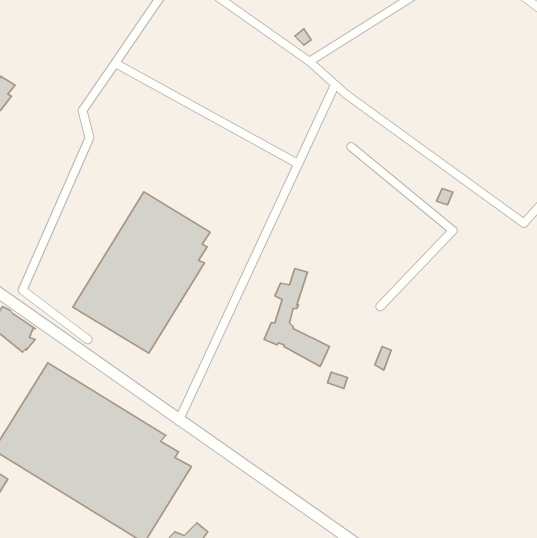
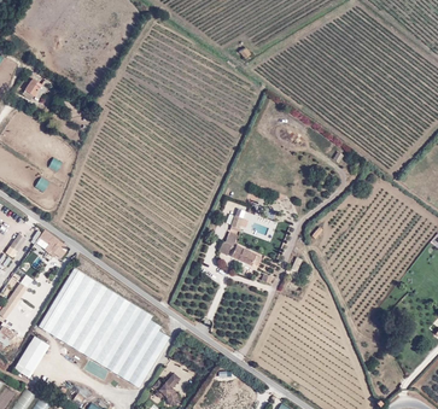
building: [73,192,210,353] -> none

